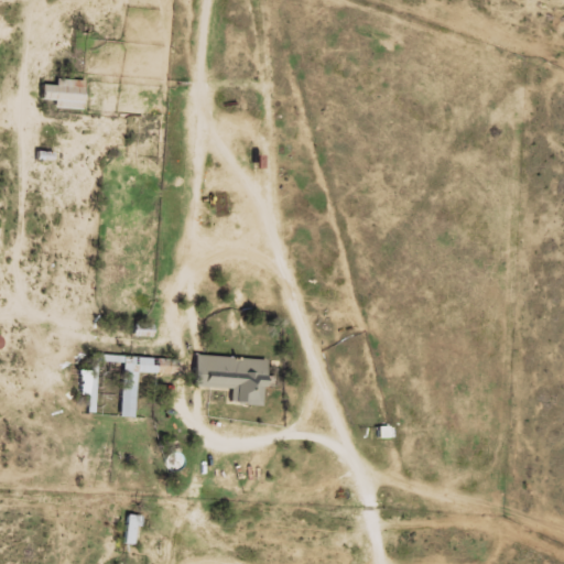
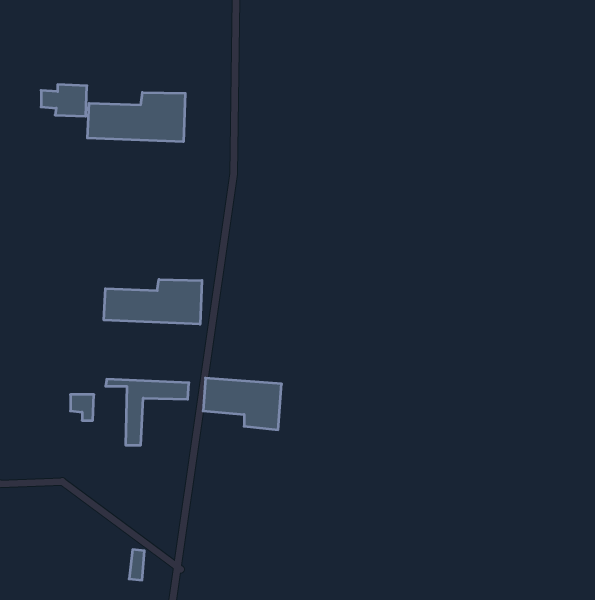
building: none -> [87,92,185,142]
building: none -> [104,279,202,324]

